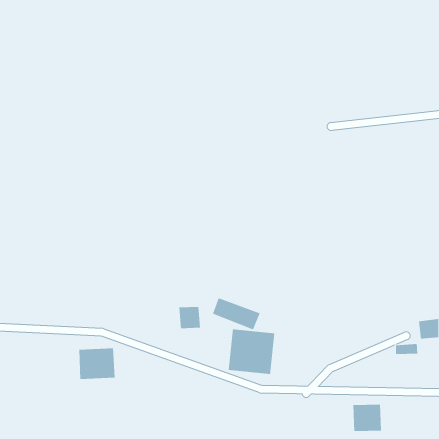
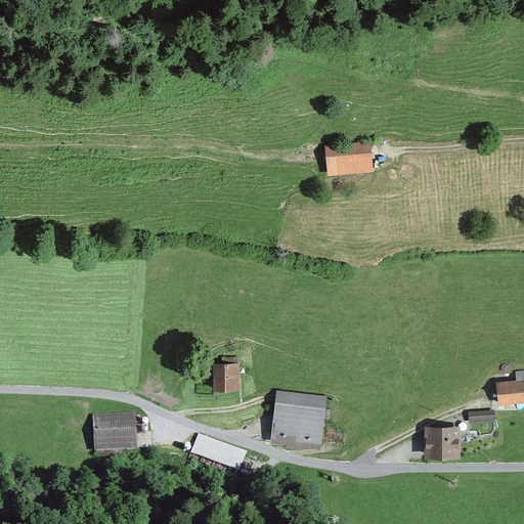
building: none -> [325,137,374,171]
building: [212,298,260,330] -> [190,436,248,475]
building: [352,404,382,432] -> [425,426,460,458]

